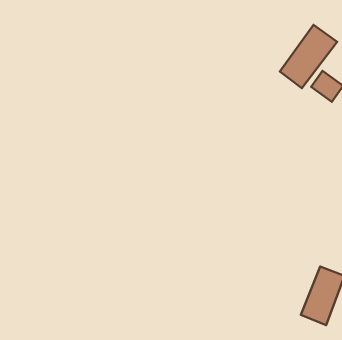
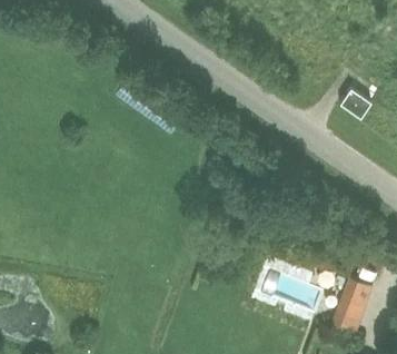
building: [280,25,337,88] -> none

